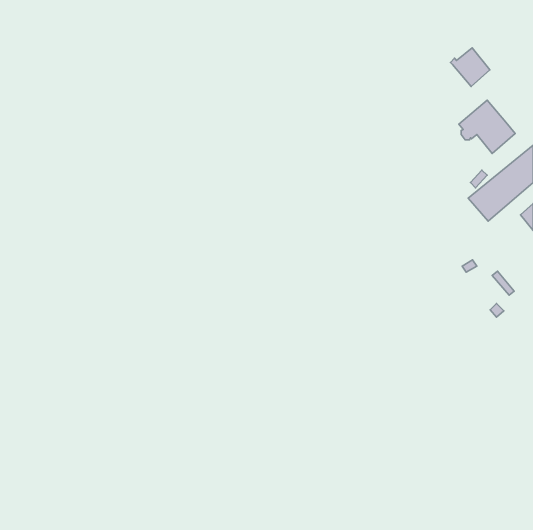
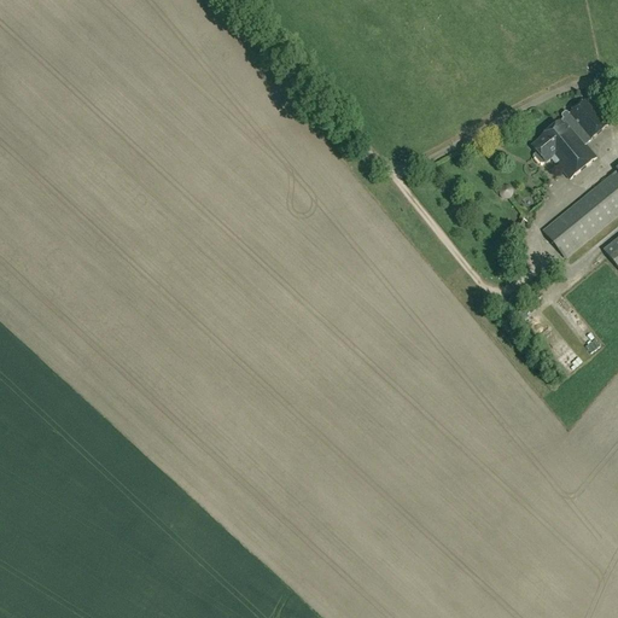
building: [450,48,490,86] -> [561,97,607,141]

